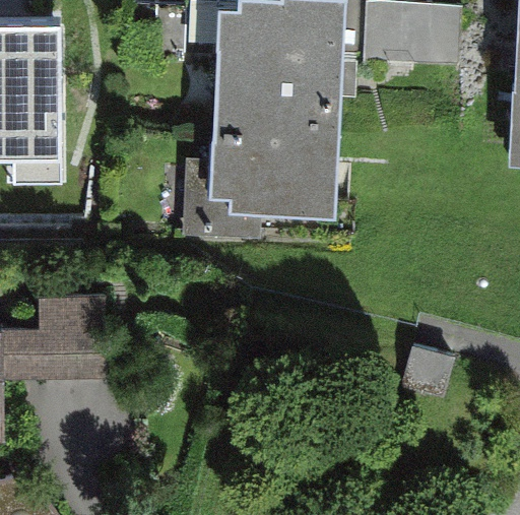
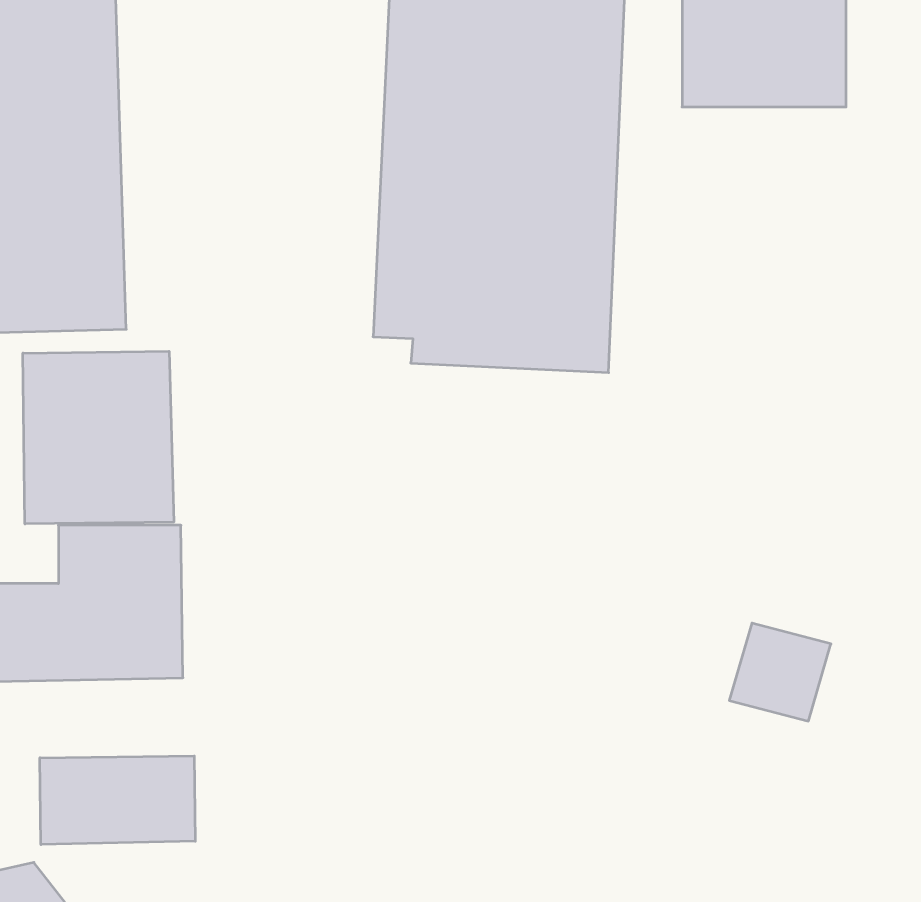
building: none -> [23,351,174,524]
building: none -> [40,756,195,845]

